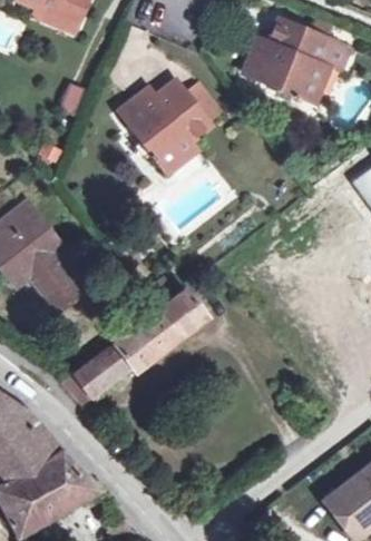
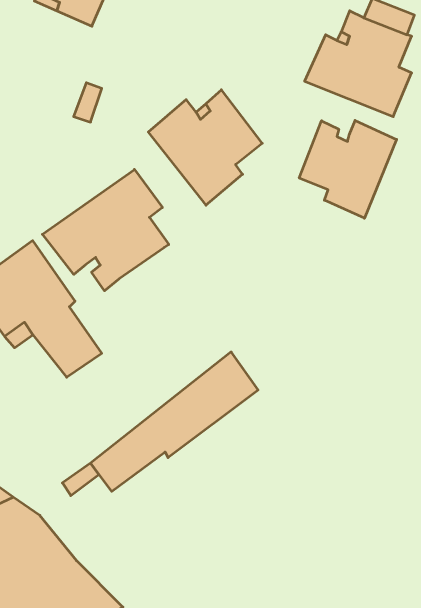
building: none -> [299,120,397,218]
building: none -> [42,169,169,291]

